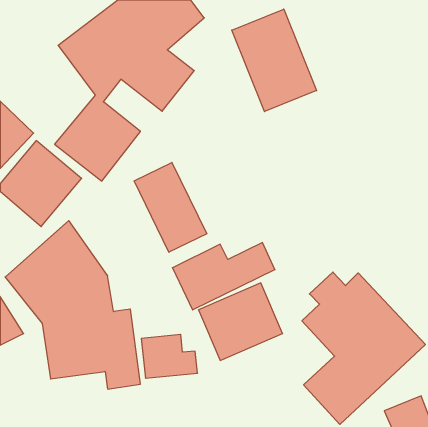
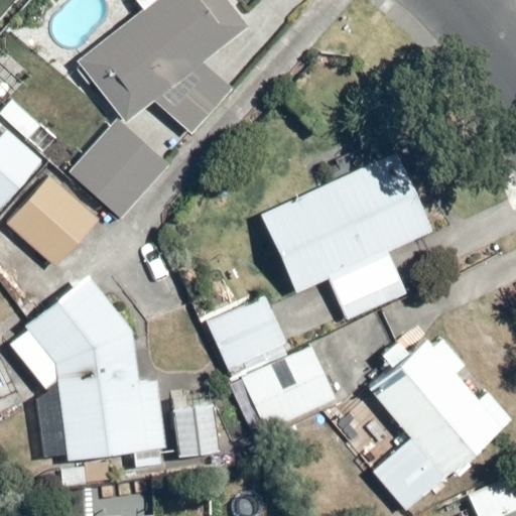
building: [232,9,317,112] -> none
building: none -> [257,153,431,325]
building: [134,162,207,252] -> none

